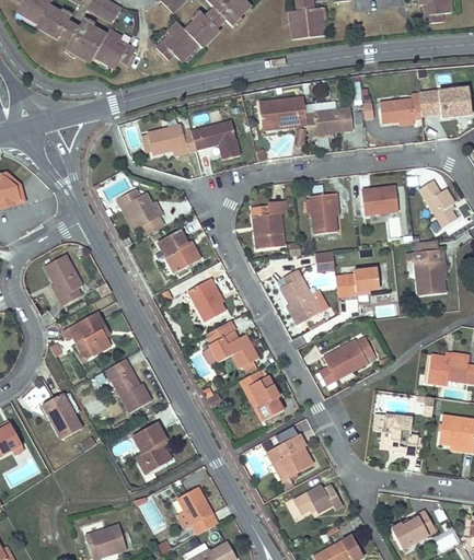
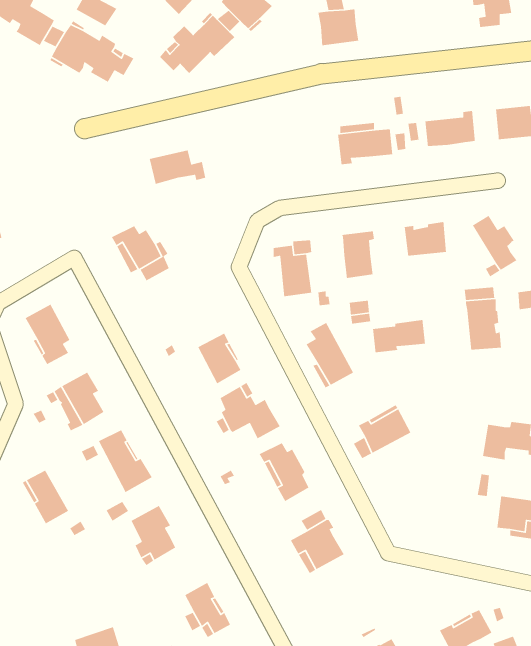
building: [419,92,440,117] -> none
building: [258,98,307,126] -> none
building: [192,122,239,159] -> none
building: [158,230,201,273] -> none
building: [380,416,420,458] -> none
building: [293,485,343,515] -> none

